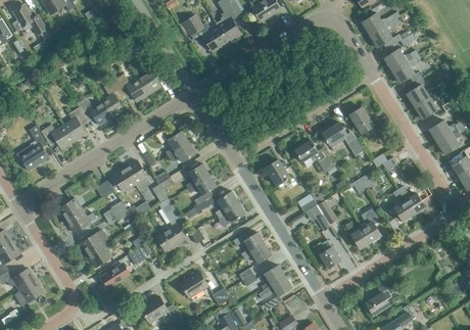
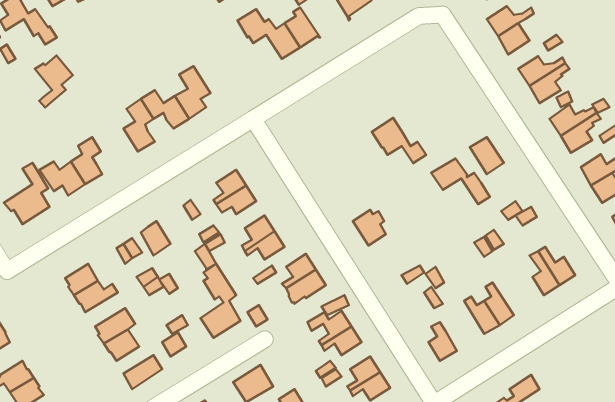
building: none -> [35,55,73,108]
building: [79,101,111,126] -> none
building: [295,140,334,173] -> [372,118,426,163]
building: [125,160,151,191] -> none

